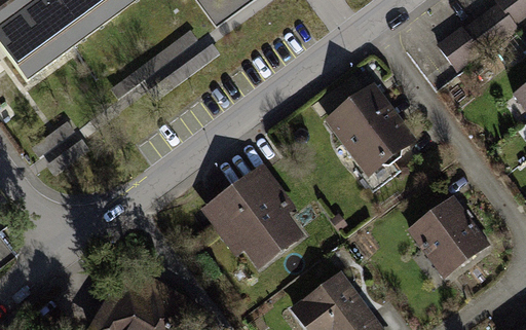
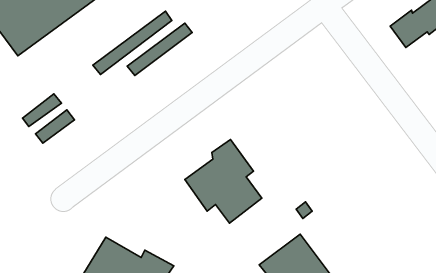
building: [329,87,412,190] -> none
building: [409,197,483,271] -> none

